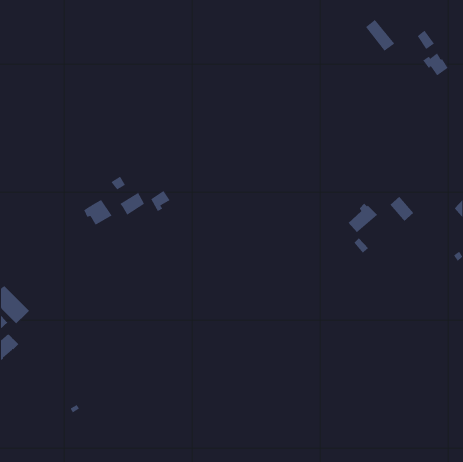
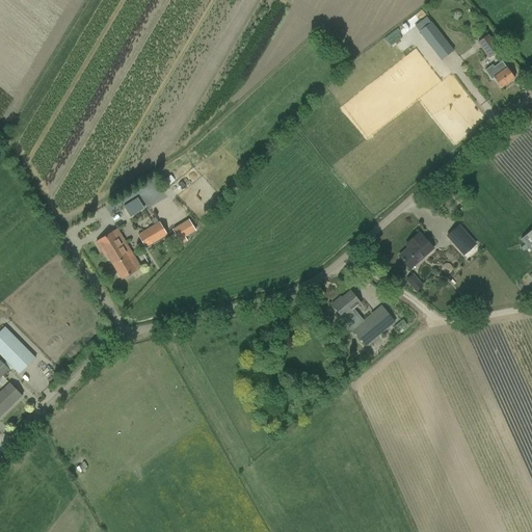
building: none -> [109,247,140,278]
building: none -> [331,290,360,321]
building: none -> [352,305,394,345]

